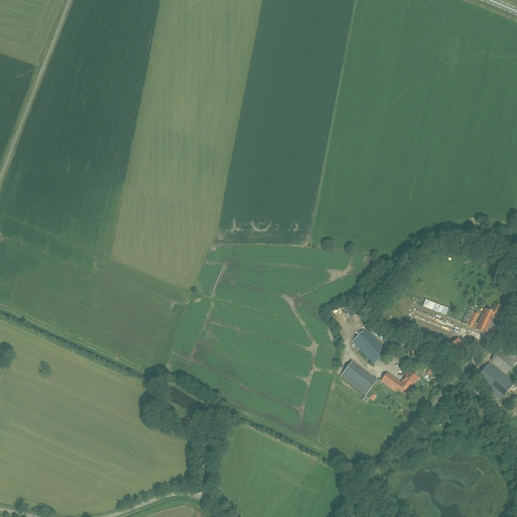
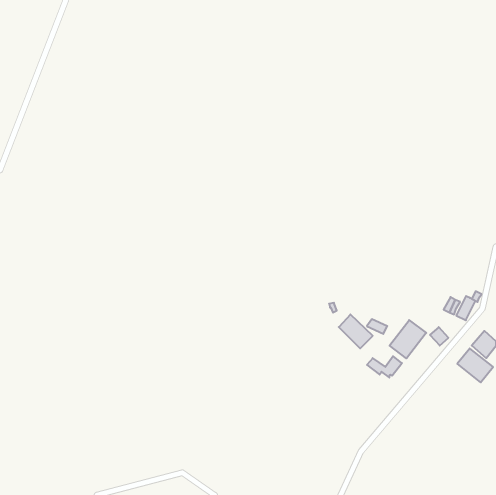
building: none -> [390,320,426,358]
building: [340,360,377,395] -> none

